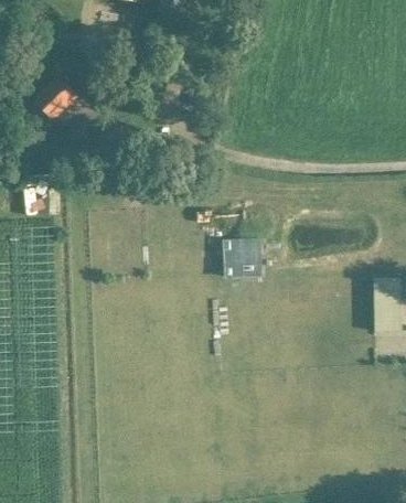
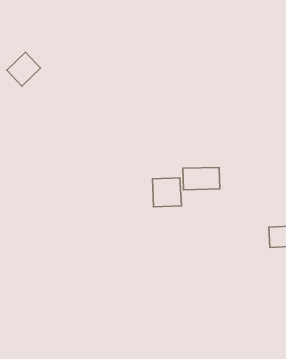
building: none -> [183,168,220,190]

